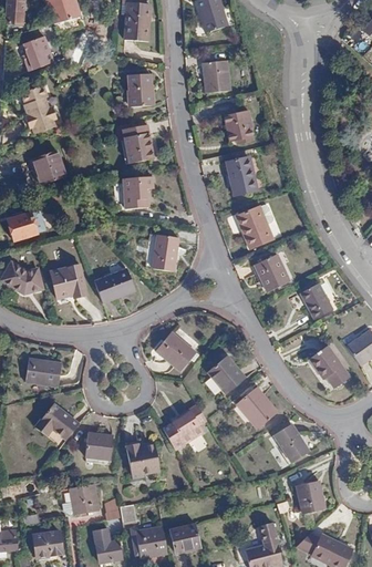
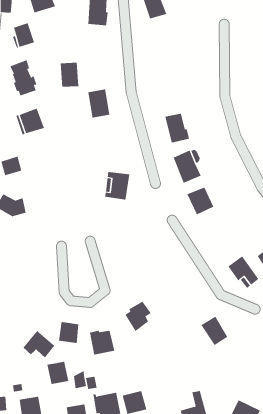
building: [203,61,230,93] -> none
building: [127,73,153,106] -> [60,62,79,87]
building: [224,111,252,142] -> none
building: [122,176,154,208] -> none
building: [50,264,87,298] -> none
building: [94,268,136,303] -> none
building: [299,282,333,319] -> none
building: [155,331,196,372] -> none
building: [207,355,246,394] -> none
building: [24,359,61,386] -> none
building: [236,386,278,430] -> none
building: [34,403,78,441] -> [23,330,55,359]
building: [296,481,326,515] -> none

